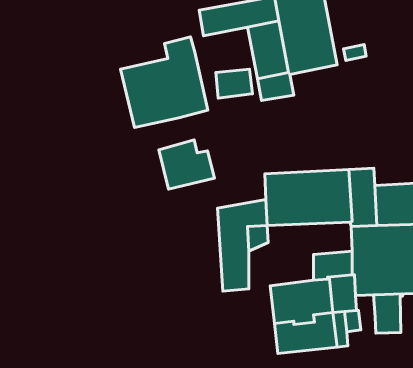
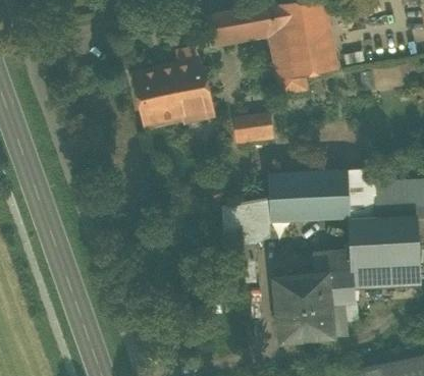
building: [216,69,253,98] -> [233,111,268,139]
building: [159,140,214,189] -> none
building: [374,294,402,333] -> none

